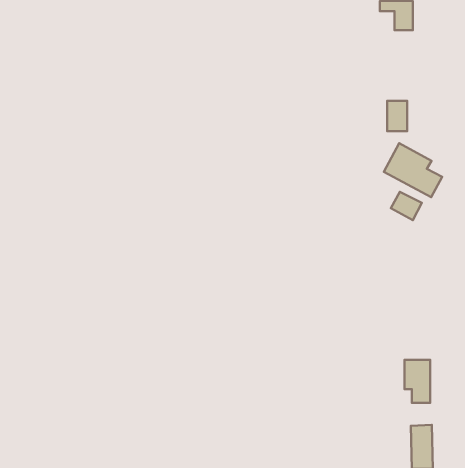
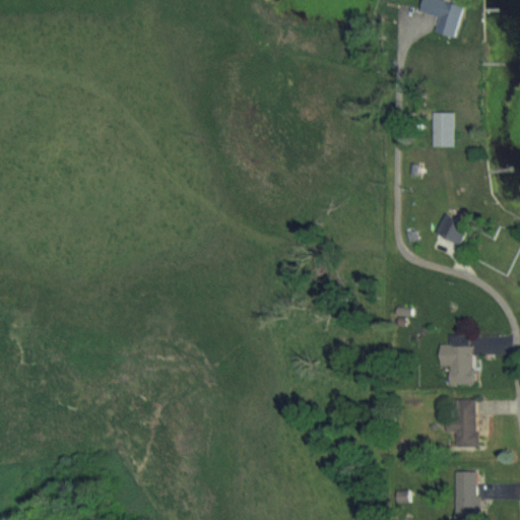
building: [384,143,442,197] -> none
building: none -> [441,335,473,384]

